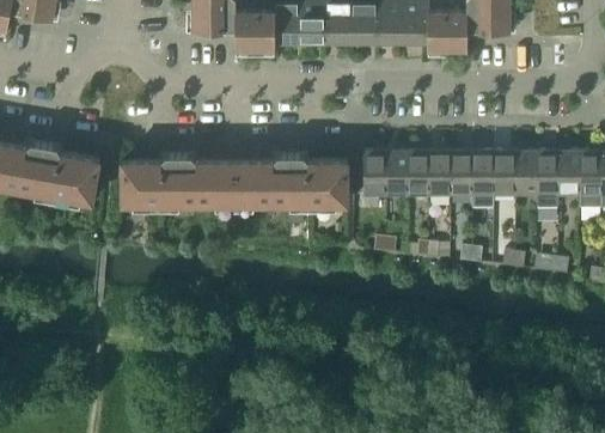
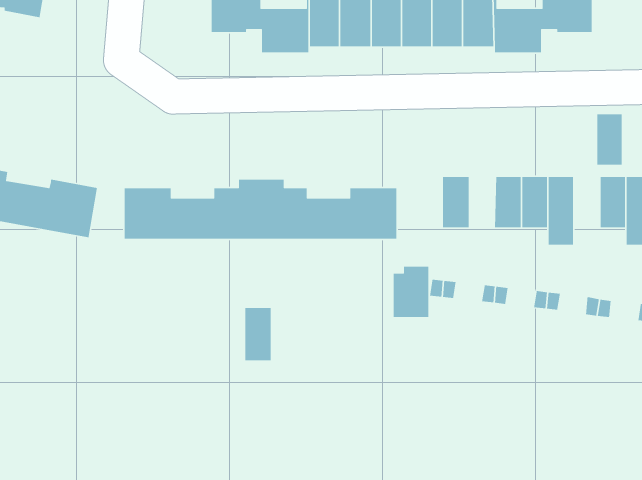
building: [355,152,385,195] -> [393,266,429,318]
building: [408,152,429,195] -> none
building: [494,152,515,195] -> [597,113,623,165]
building: none -> [244,307,272,361]

